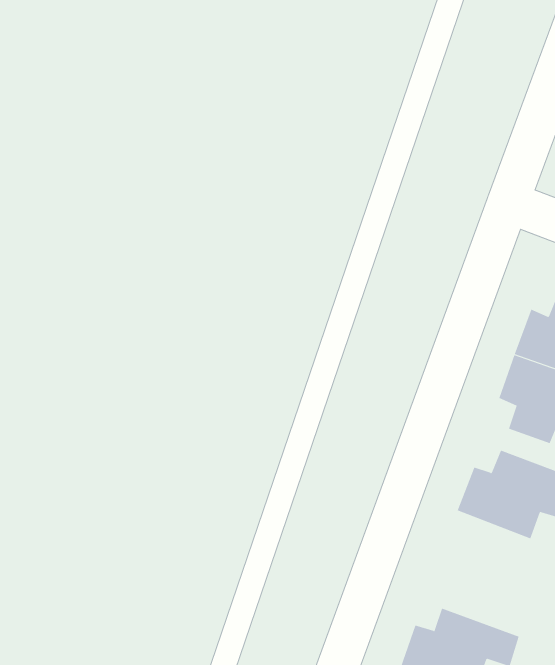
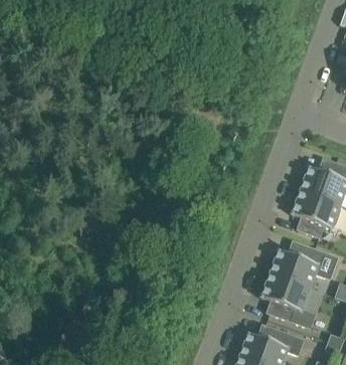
building: none -> [261,272,316,329]

